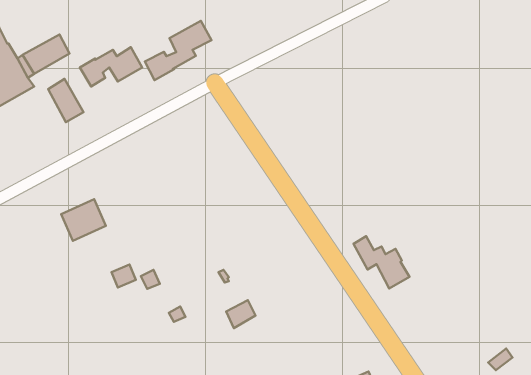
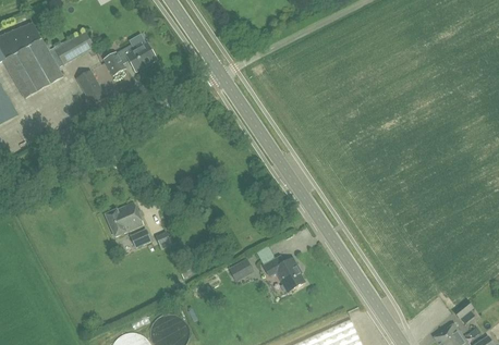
building: [145,21,211,80] -> none
building: [61,199,106,241] -> [106,201,144,237]
building: [354,236,410,288] -> [257,247,305,292]

